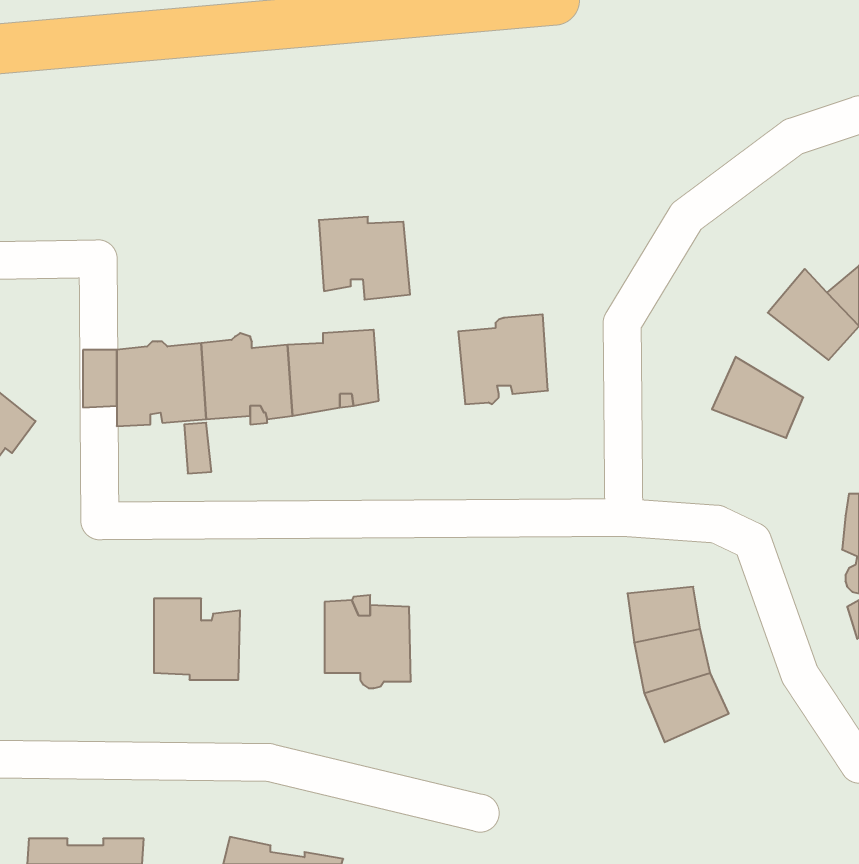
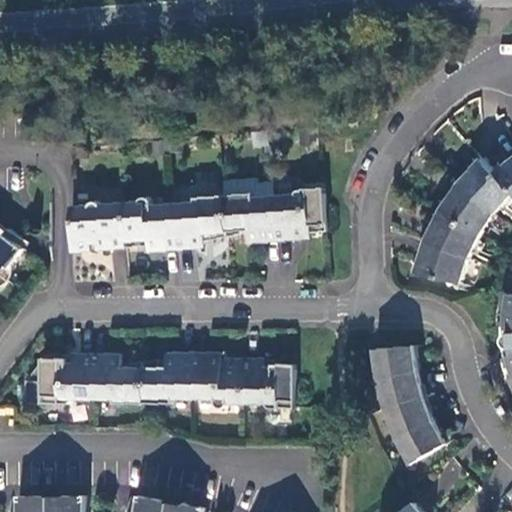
building: [319,217,410,300] -> [221,193,275,242]
building: none -> [435,185,490,235]
building: none -> [410,242,465,286]
building: none -> [41,354,91,404]
building: none -> [141,356,192,402]
building: none -> [242,359,294,408]
building: none -> [393,422,441,464]

